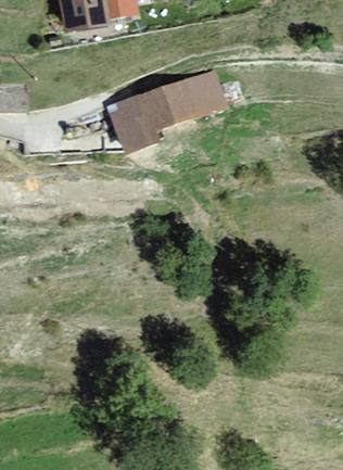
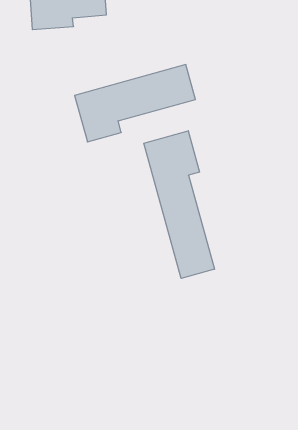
building: none -> [144,131,215,278]

